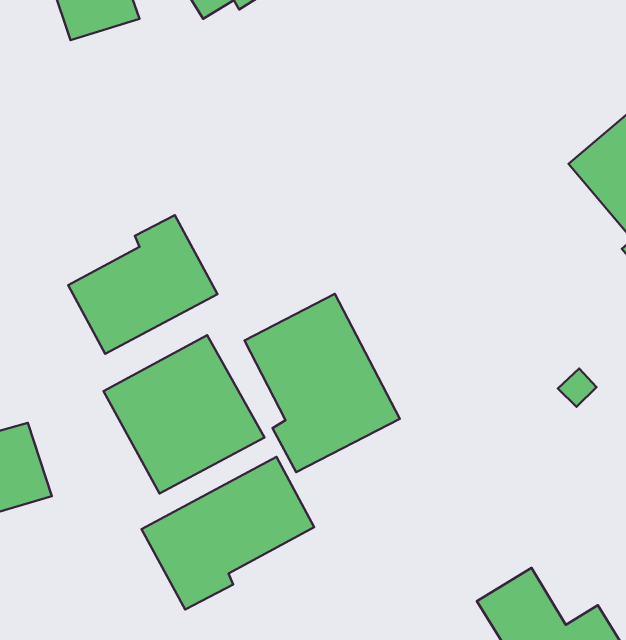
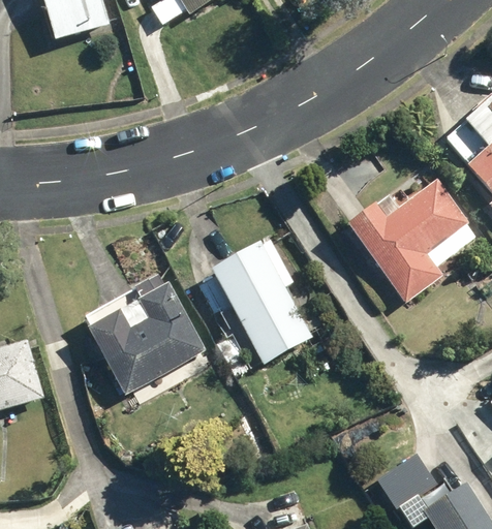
building: [68,215,218,354] -> none
building: none -> [350,178,480,302]
building: [141,457,314,610] -> none

